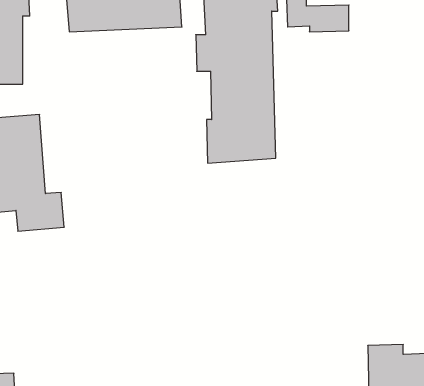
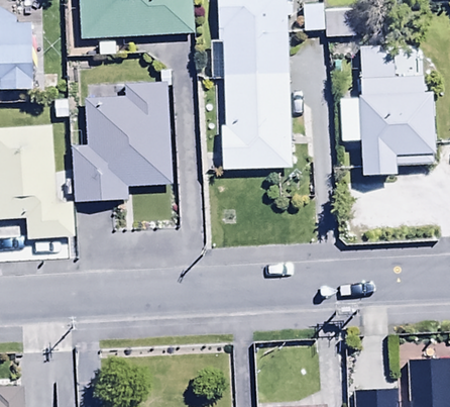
building: none -> [359,43,434,173]
building: none -> [73,81,173,202]

